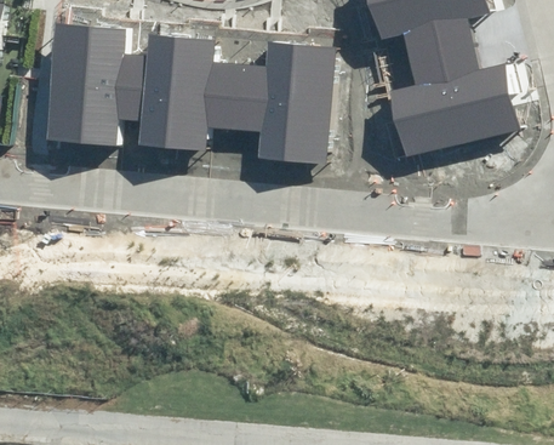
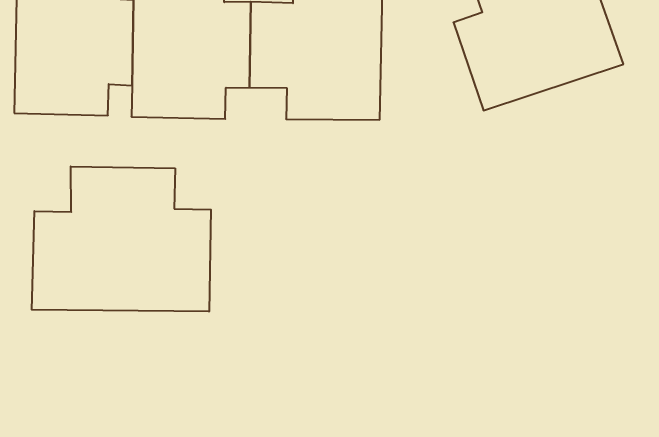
building: none -> [32,166,211,312]

